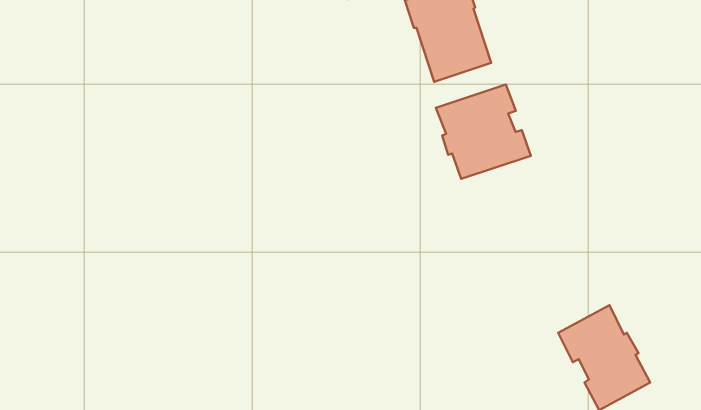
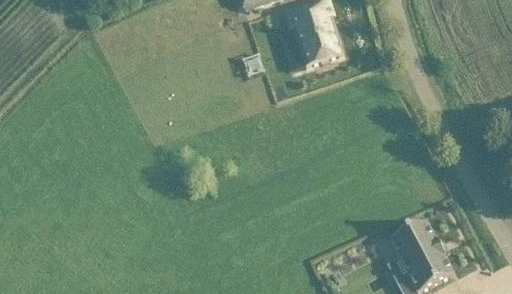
building: [436,84,531,179] -> none

